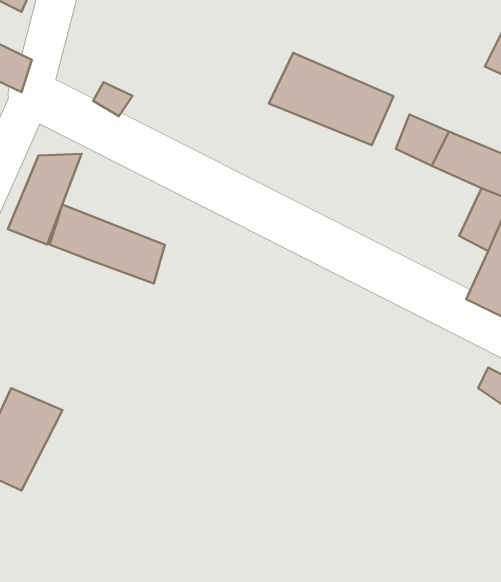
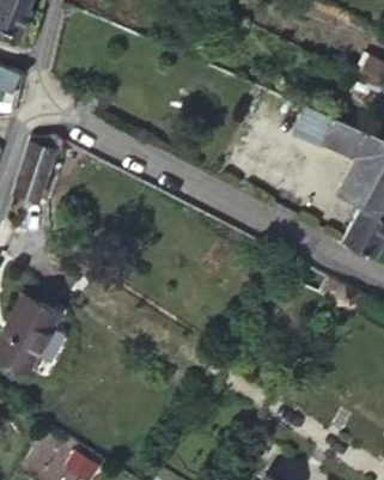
building: [269,53,393,145] -> none
building: [50,205,165,283] -> none

